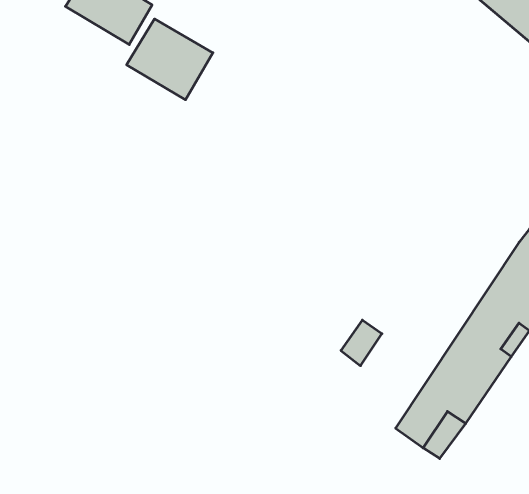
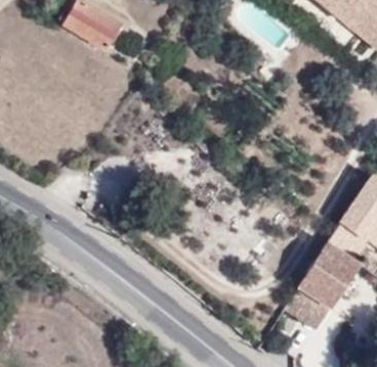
building: [127,19,213,100] -> none

